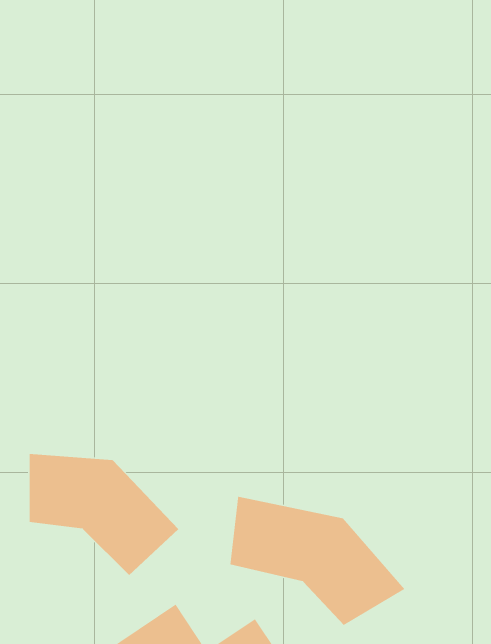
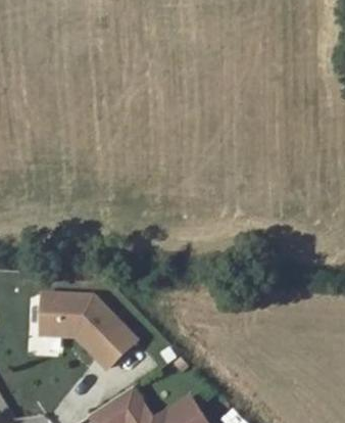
building: [229,496,405,626] -> none

